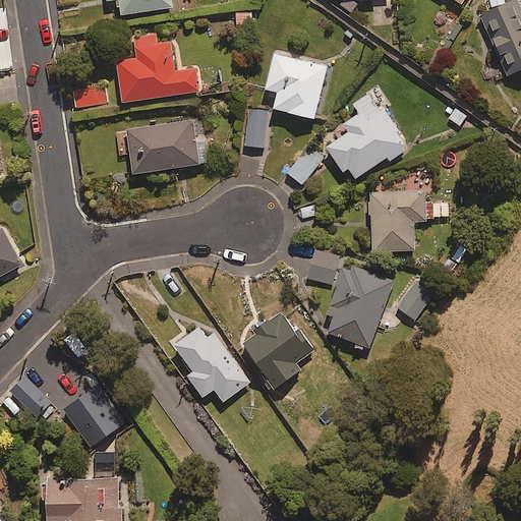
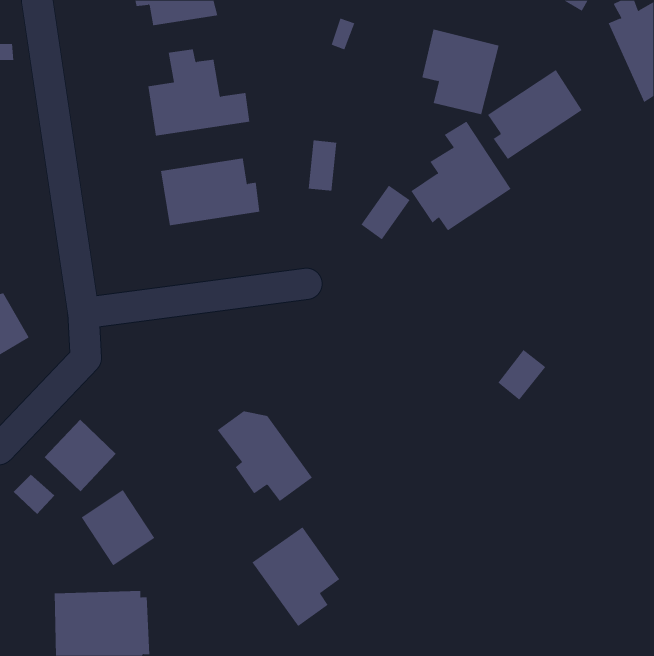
building: none -> [487,69,583,160]
building: [266,57,328,125] -> [421,29,500,115]
building: [367,185,450,247] -> none
building: [304,247,393,343] -> none
building: [239,307,309,387] -> [252,527,340,627]
building: none -> [44,419,116,492]

